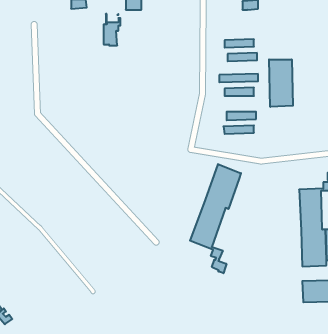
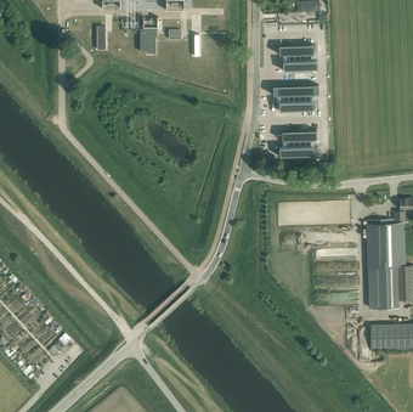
building: [269,59,293,107] -> none
building: [190,164,241,273] -> none

